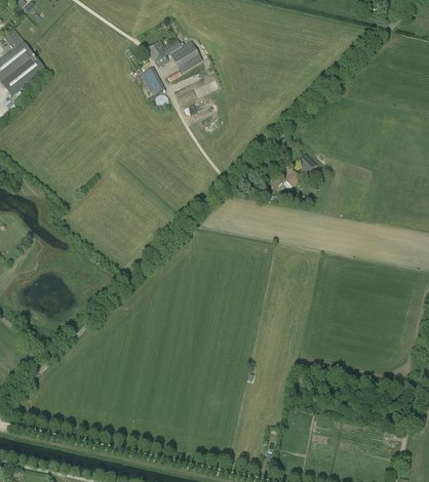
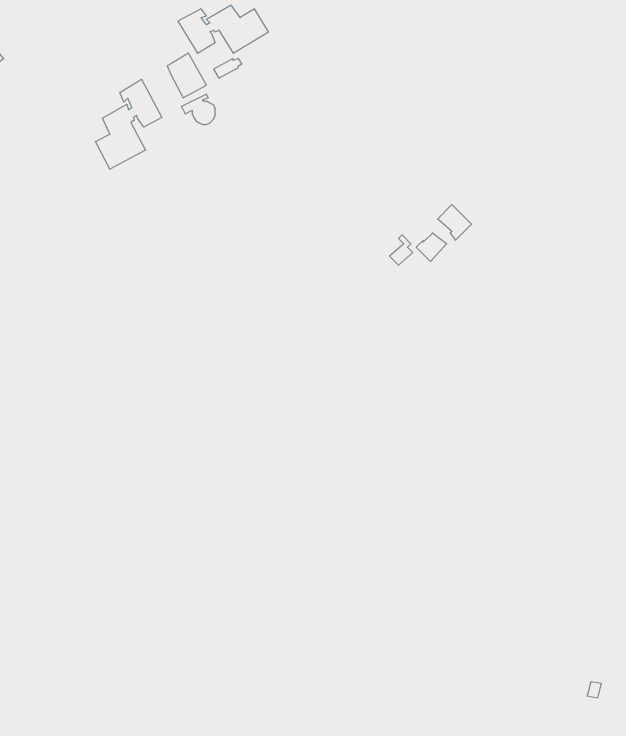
building: none -> [95,79,162,169]

